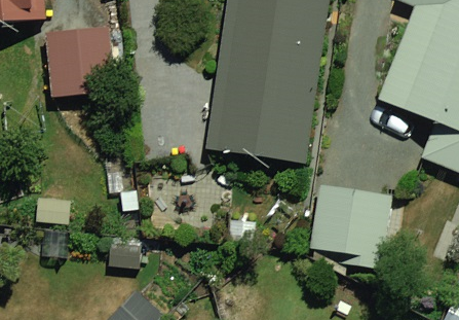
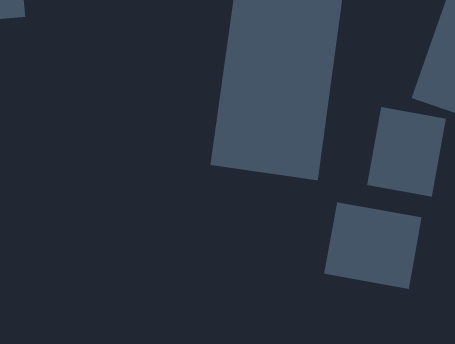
building: [41,31,112,100] -> none
building: none -> [366,106,447,198]

